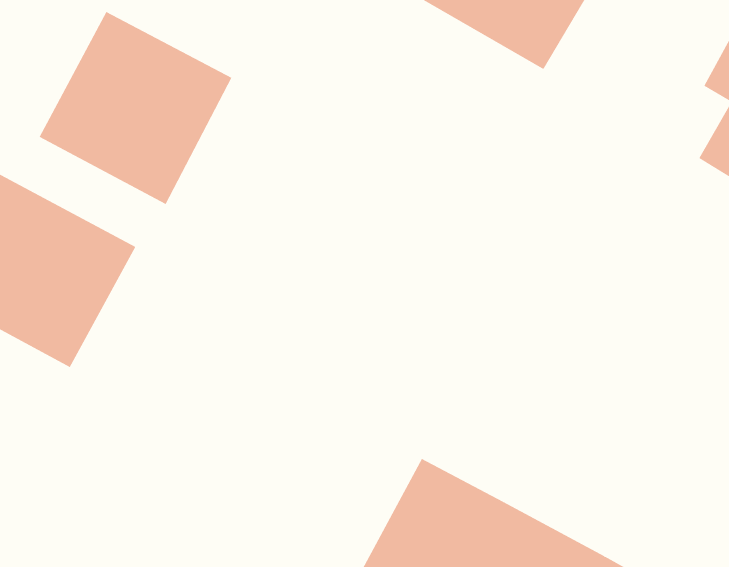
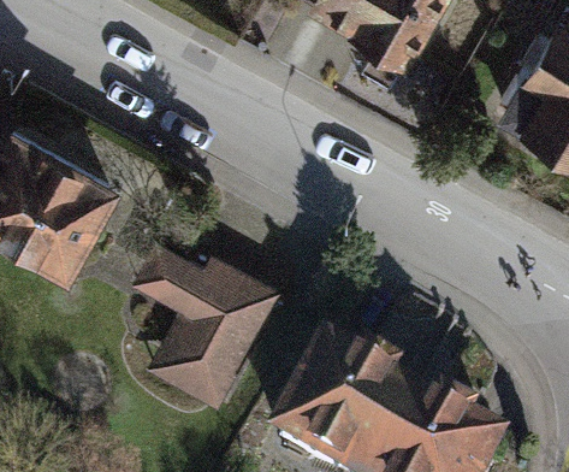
building: [39,11,232,205] -> none
building: none -> [131,238,274,402]

